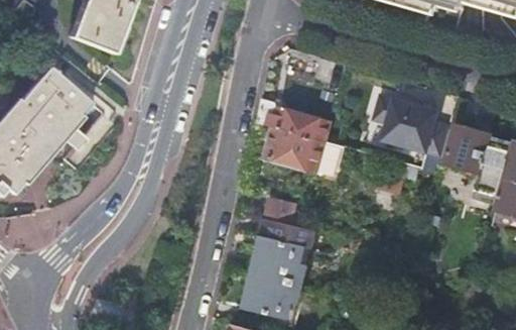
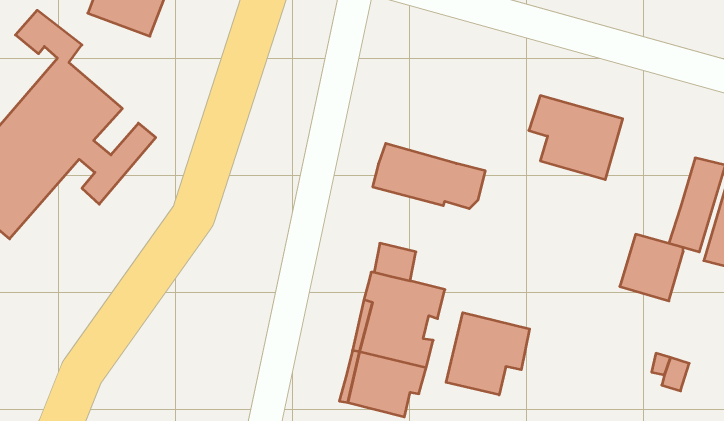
building: [259,98,332,142] -> none
building: [448,126,493,173] -> [620,234,683,301]
building: none -> [446,313,530,395]

